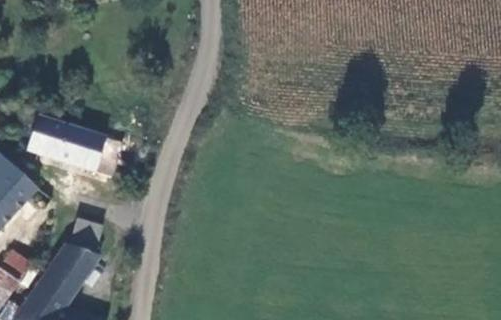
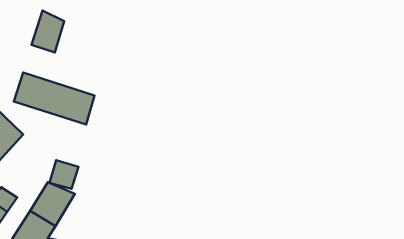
building: none -> [32,10,64,52]

